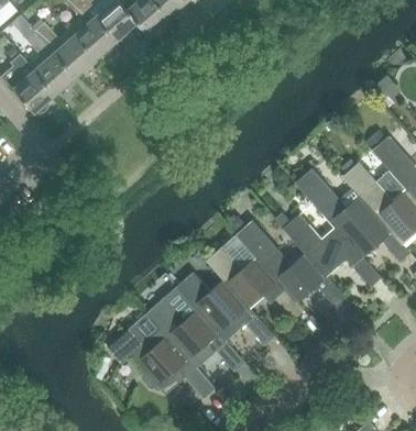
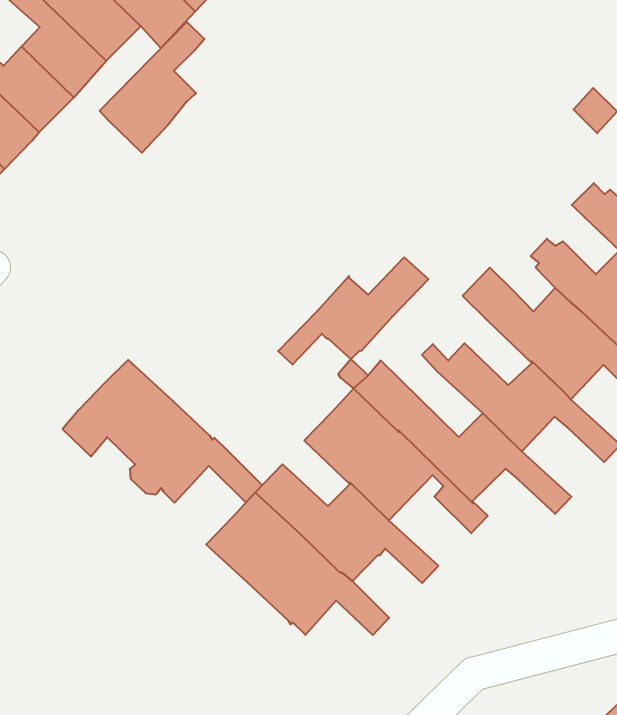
building: none -> [100,22,205,153]
building: none -> [278,257,428,365]
building: [108,313,216,398] -> [63,360,262,503]

